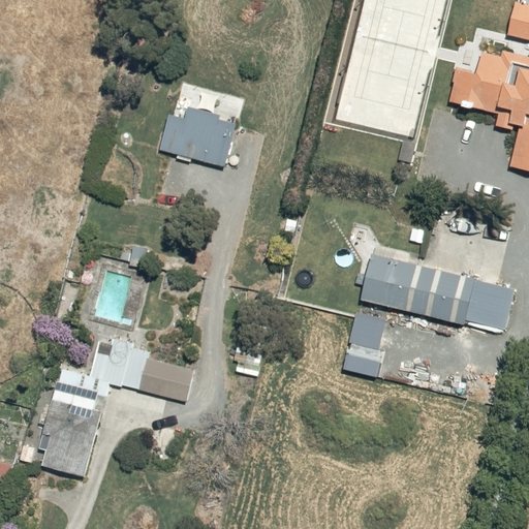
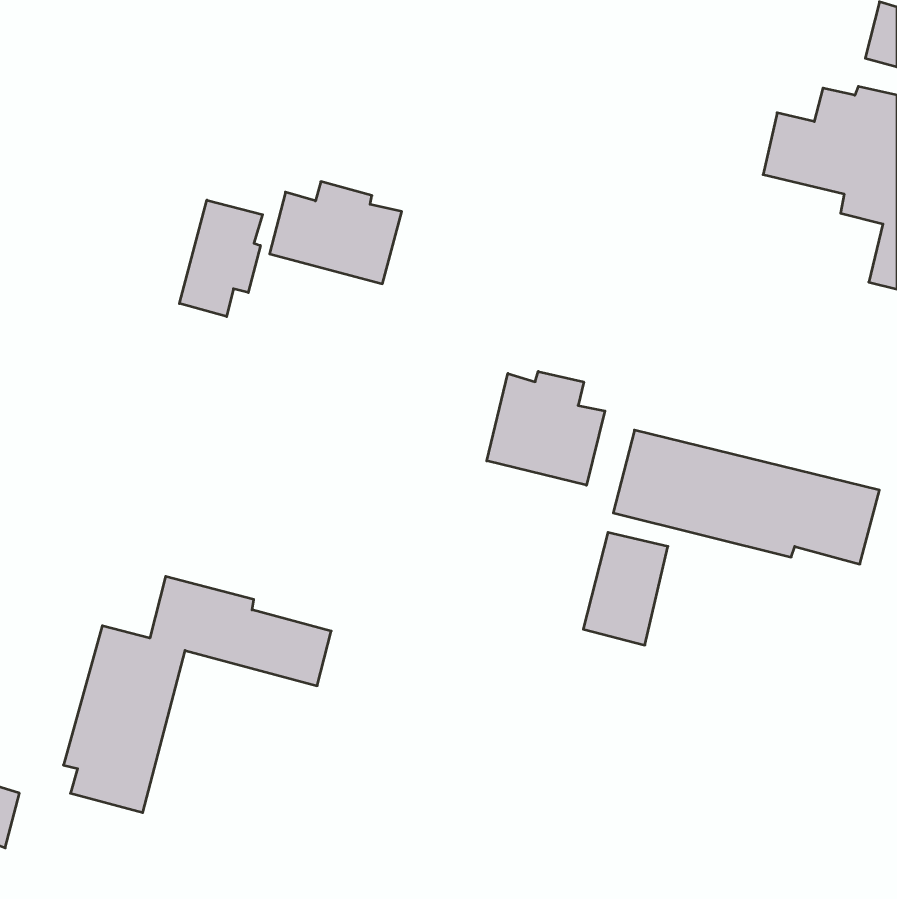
building: none -> [179,200,263,317]
building: none -> [487,371,605,485]

